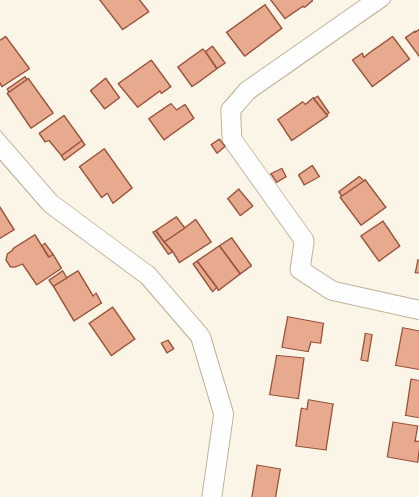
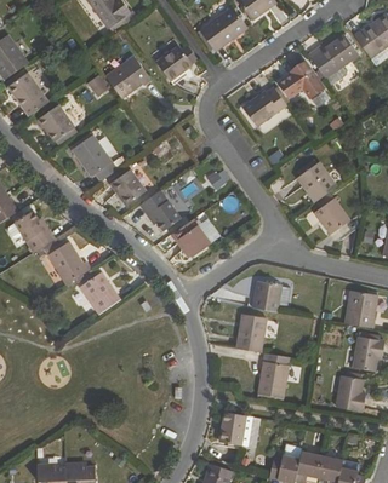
building: none -> [280,64,324,98]
building: [149,104,194,140] -> none
building: none -> [109,169,145,205]

